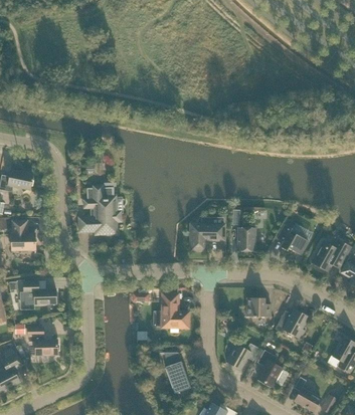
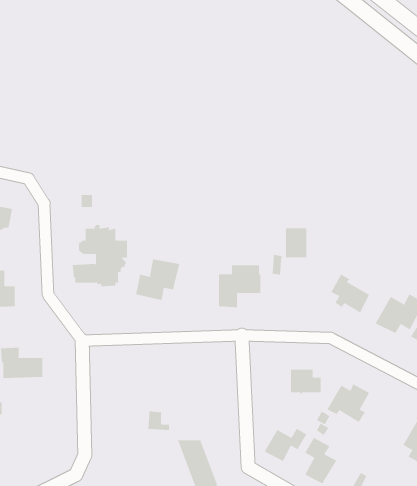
building: none -> [136,259,180,301]
building: [238,228,255,251] -> [285,228,307,258]
building: [161,294,188,330] -> none
building: [28,328,58,359] -> none

